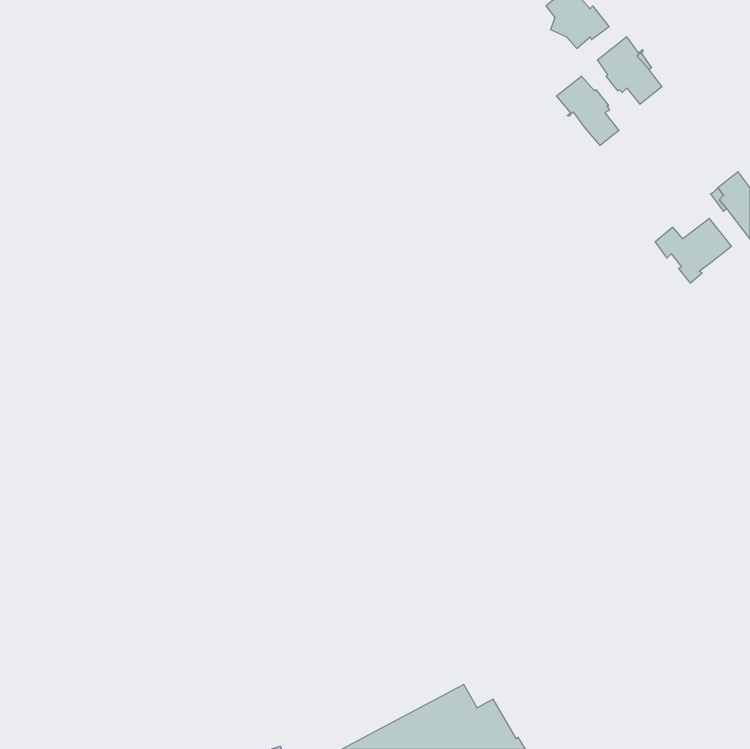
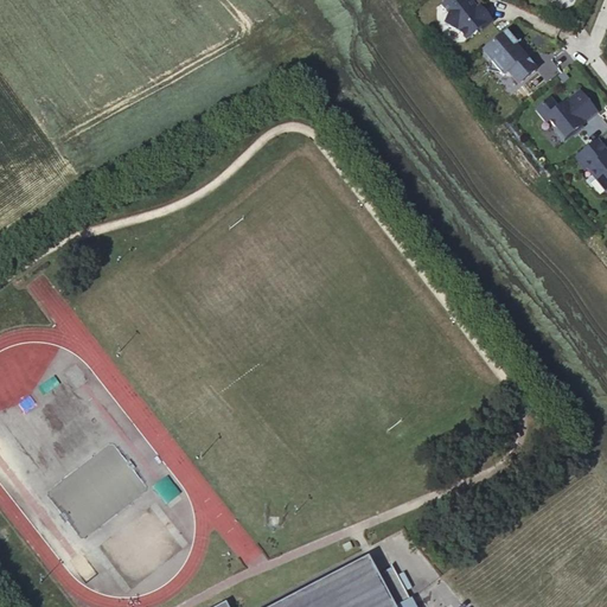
building: [556,76,619,146] -> none
building: [655,218,731,283] -> [535,90,596,142]

